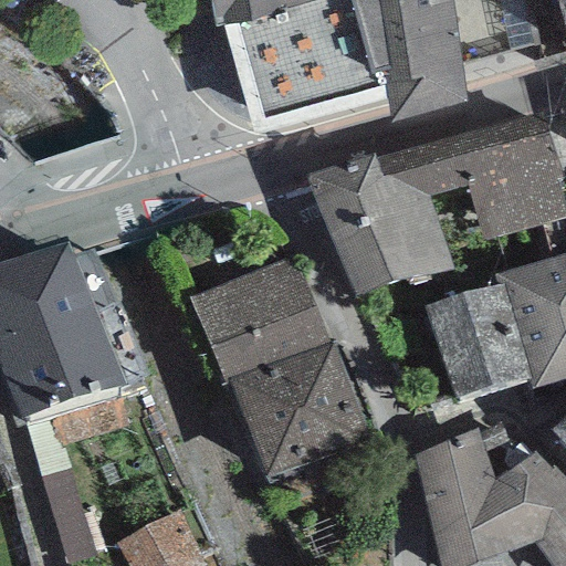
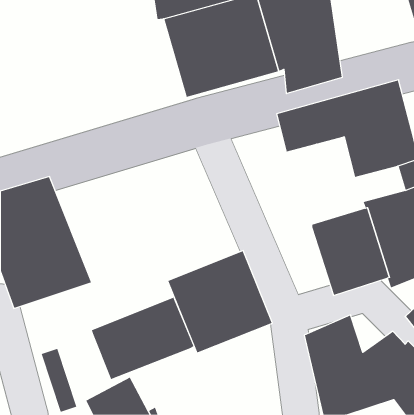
building: [305,155,455,295] -> none
building: [191,254,333,382] -> none
building: none -> [91,297,194,380]

